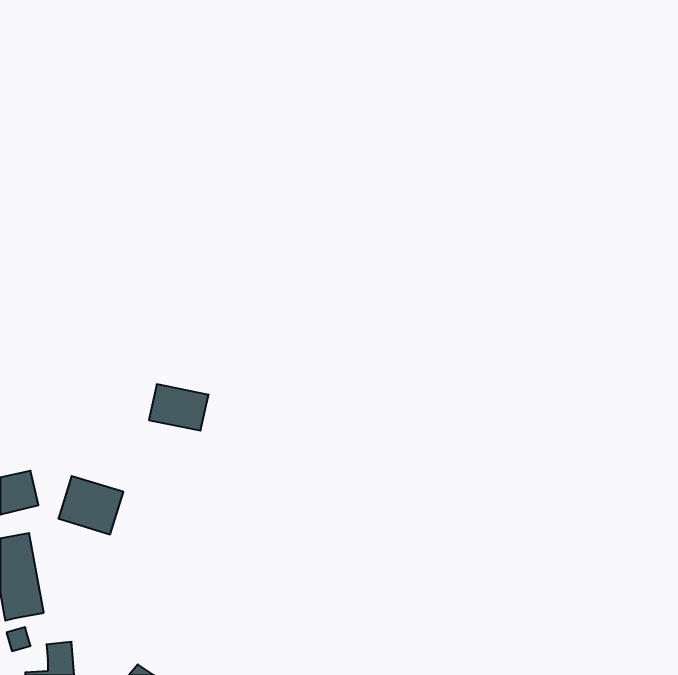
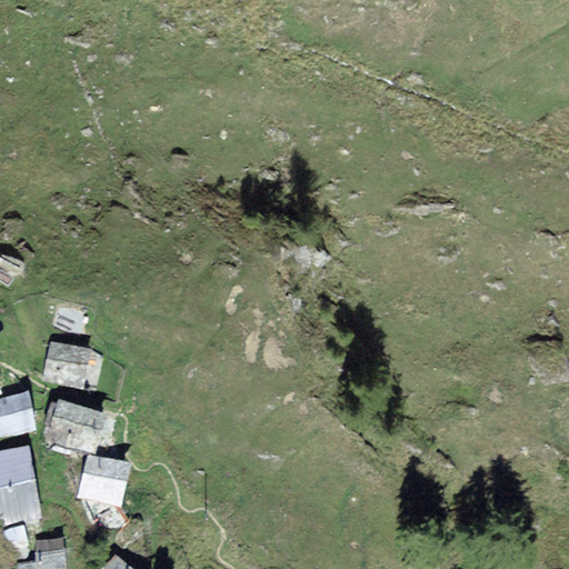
building: [149,384,209,431] -> [47,345,97,383]
building: none -> [81,455,126,502]

